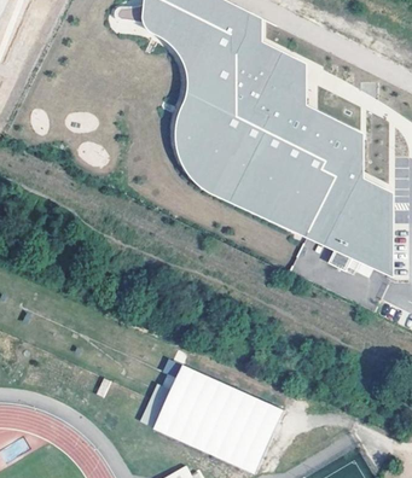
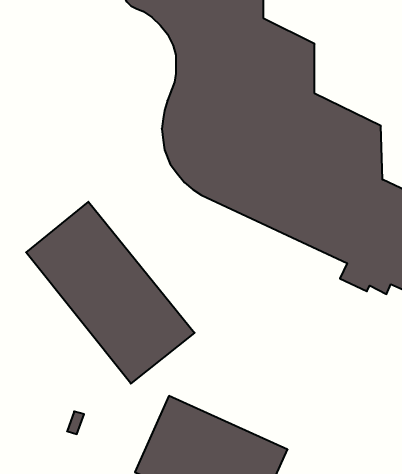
building: none -> [26,202,195,384]

